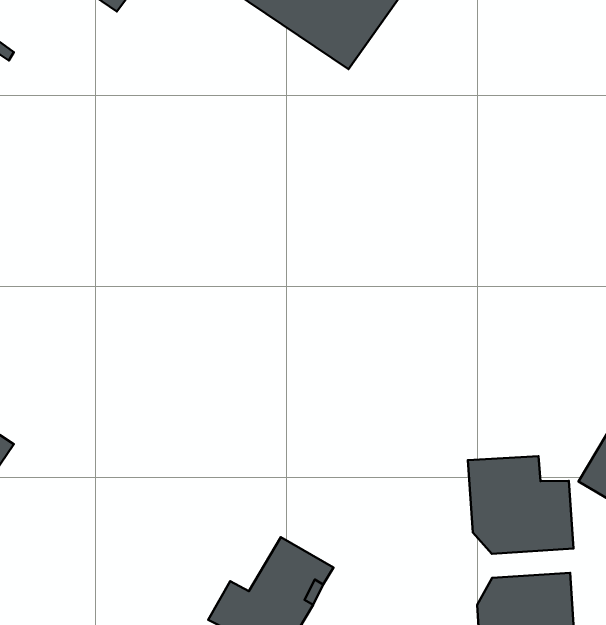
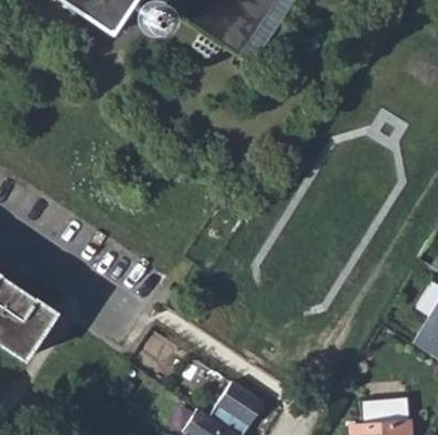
building: [468,456,573,554] -> none

